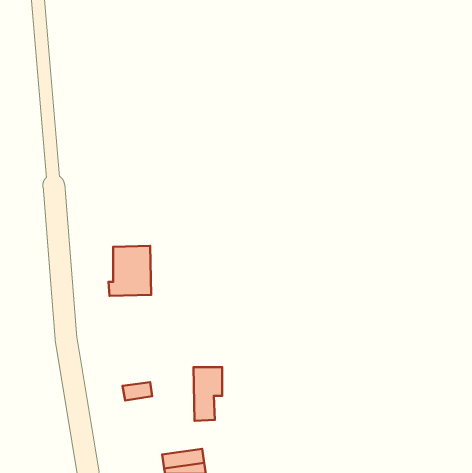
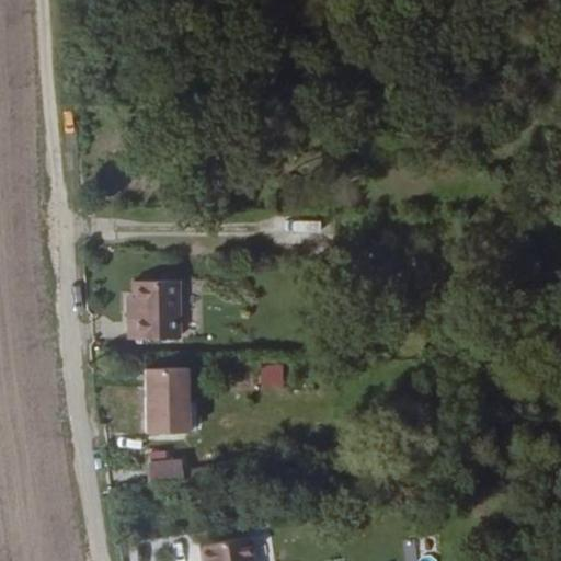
building: [194,367,222,421] -> [151,367,185,431]

